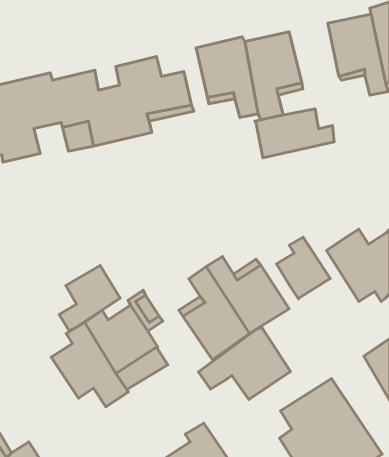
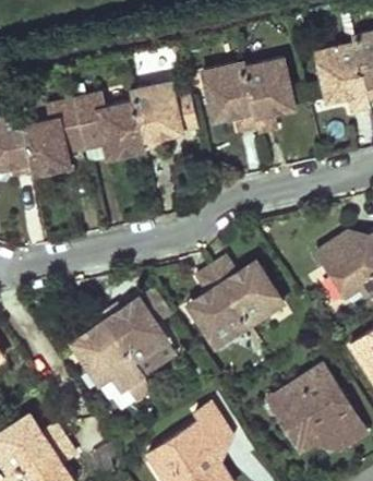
building: [255,109,334,158] -> none
building: [277,237,330,299] -> none
building: [59,265,120,331] -> none
building: [198,328,290,400] -> none

